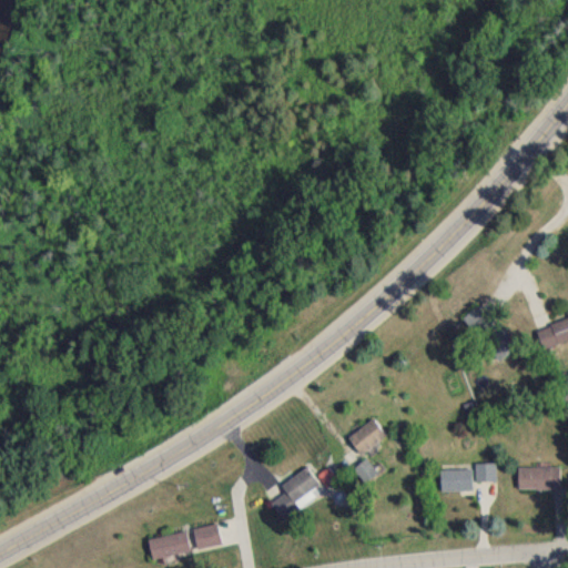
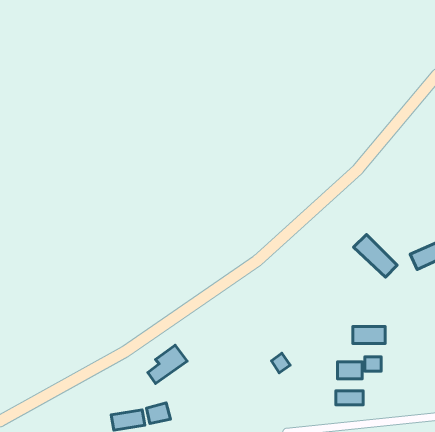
building: [348,418,386,455] -> none
building: [518,466,560,488] -> [353,326,385,344]
building: [272,467,323,517] -> [148,345,187,384]
building: none -> [336,391,363,405]

